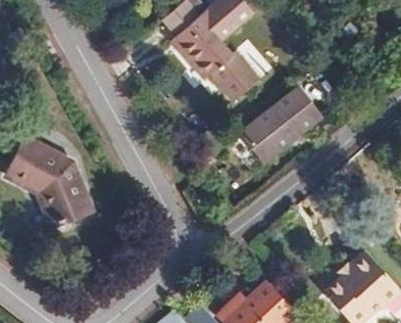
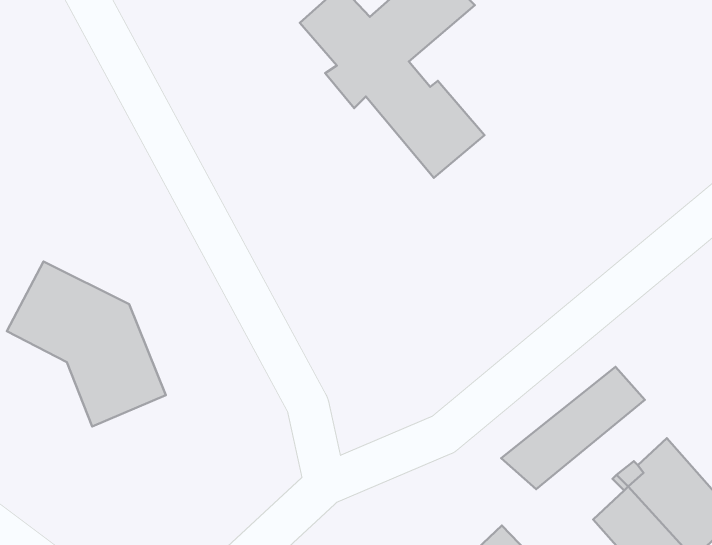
building: [242,99,317,164] -> [501,367,645,489]

